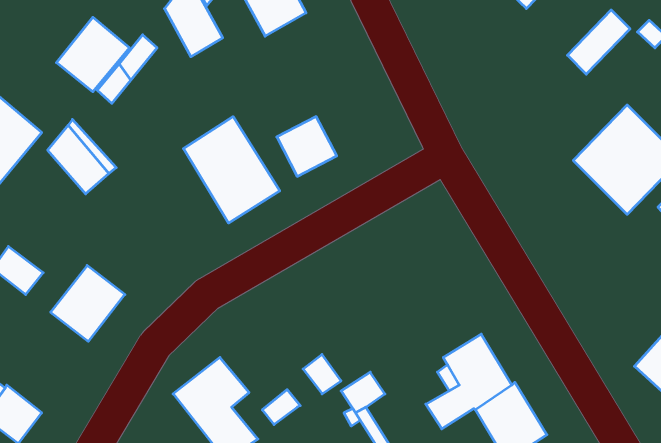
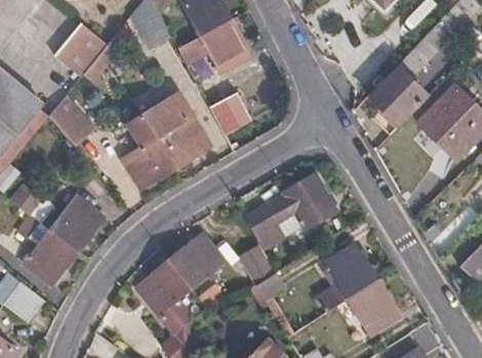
building: none -> [178,18,250,72]
building: none -> [367,65,429,126]
building: none -> [122,114,175,188]
building: none -> [244,172,336,248]
building: none -> [25,222,77,283]
building: none -> [169,233,224,285]

